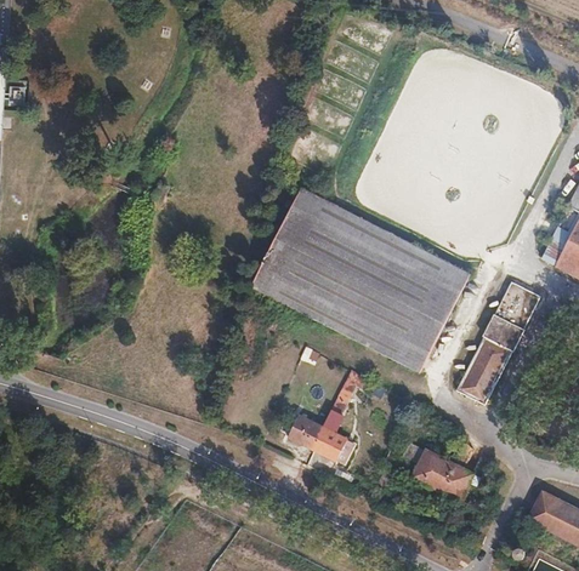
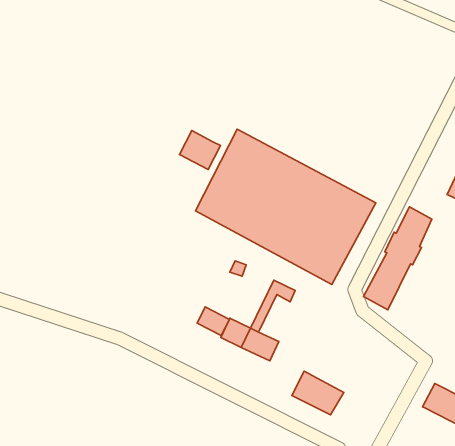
building: none -> [180,130,221,170]
building: none -> [197,307,229,336]
building: [411,447,473,499] -> [292,371,344,415]

